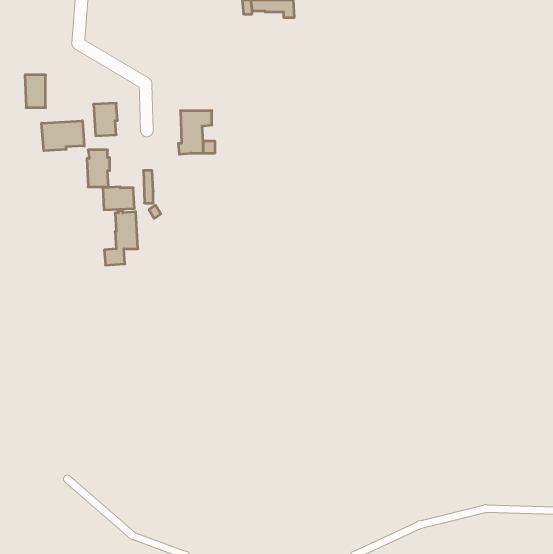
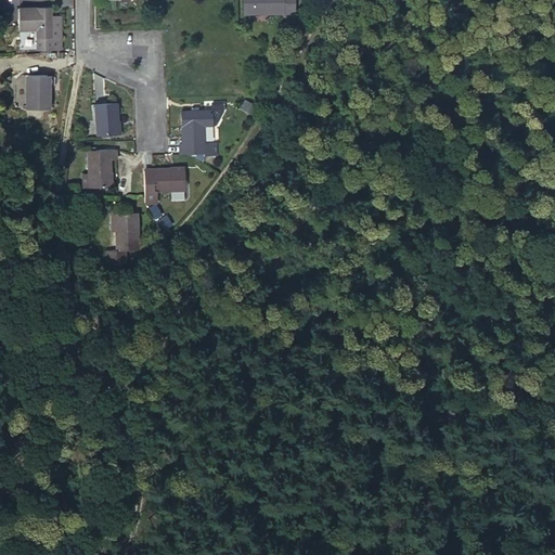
building: none -> [21,8,63,50]
building: [42,121,84,151] -> none
building: [103,187,134,210] -> [154,169,185,192]

